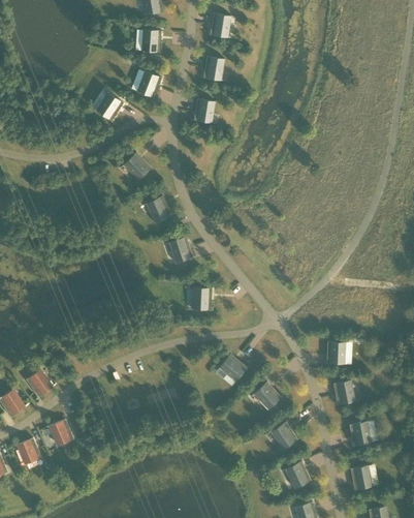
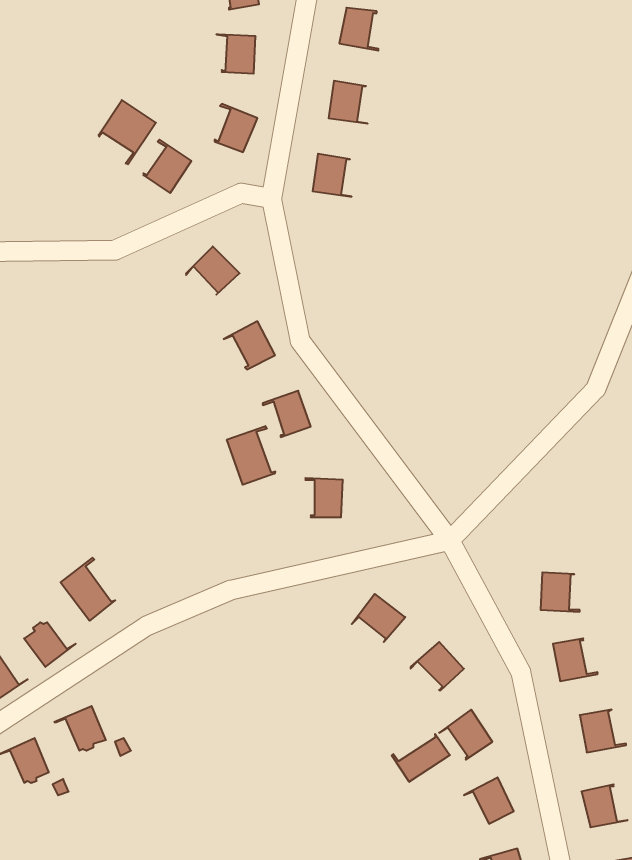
building: none -> [99,100,156,164]
building: none -> [227,426,275,485]
building: none -> [61,558,115,621]
building: none -> [392,734,450,782]

